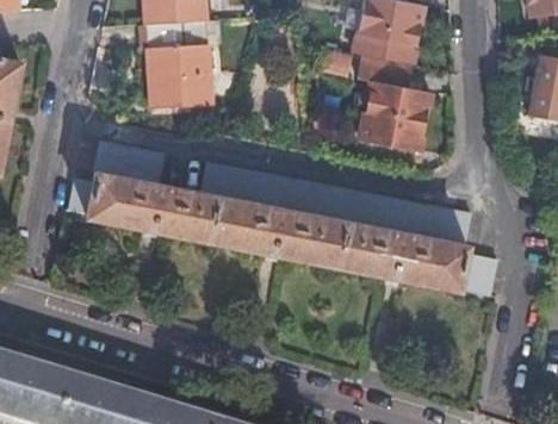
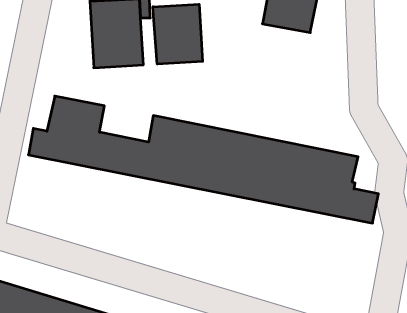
building: none -> [153,4,203,64]
building: [349,52,430,150] -> none

